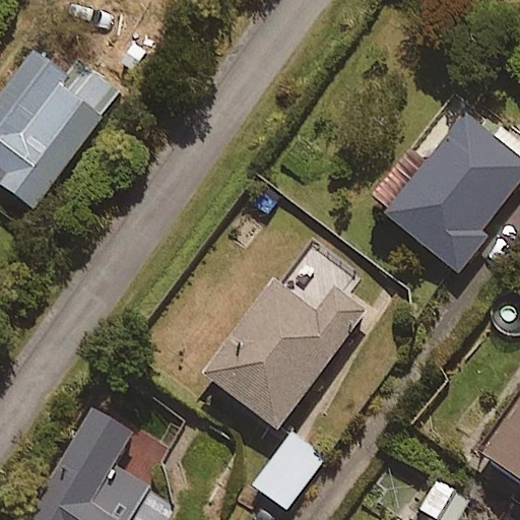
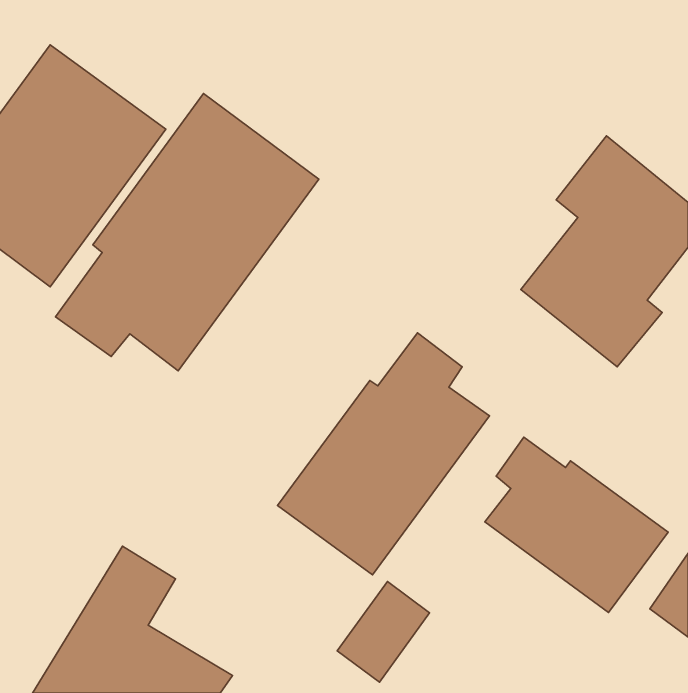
building: none -> [55,94,319,371]
building: none -> [485,437,668,613]

